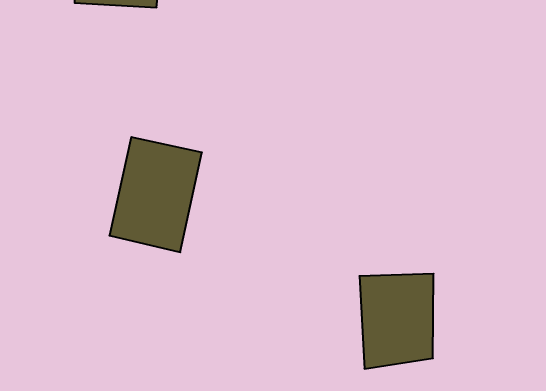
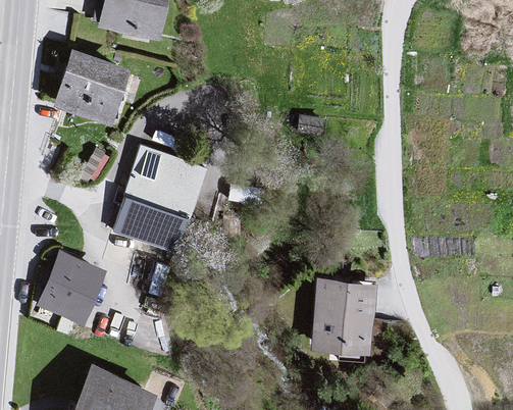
building: none -> [59,53,137,134]
building: none -> [39,253,96,317]

